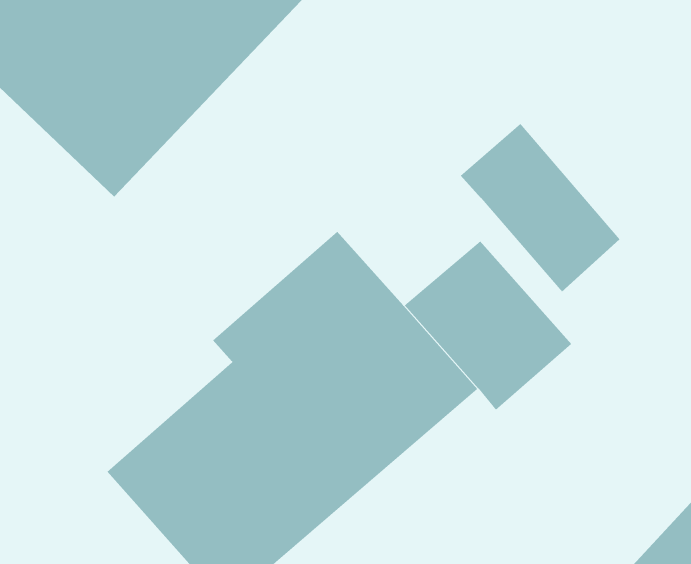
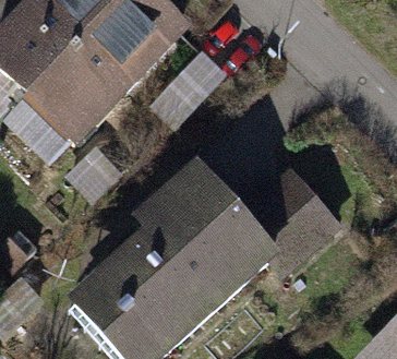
building: [460,123,621,293] -> none

